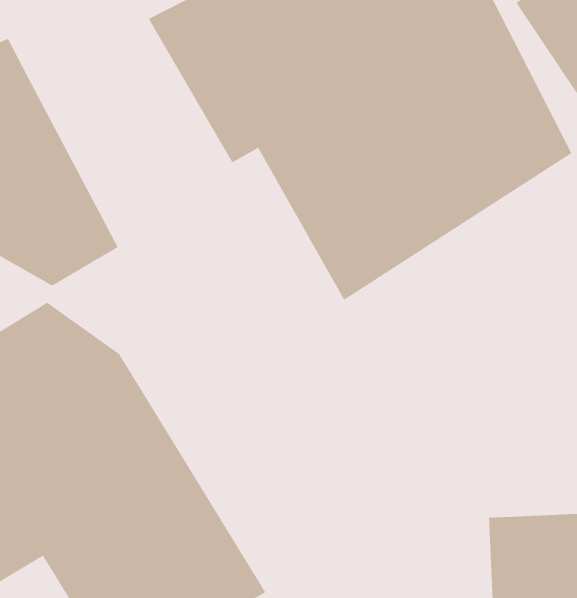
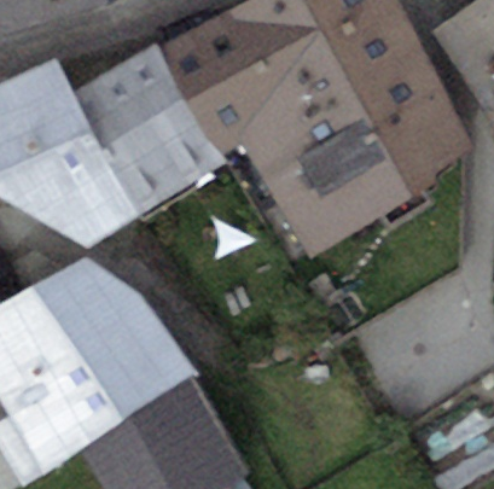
building: none -> [70,40,226,215]

